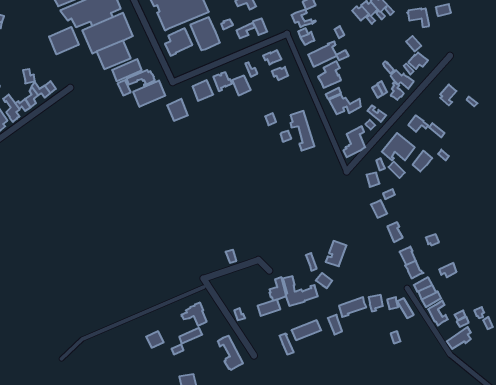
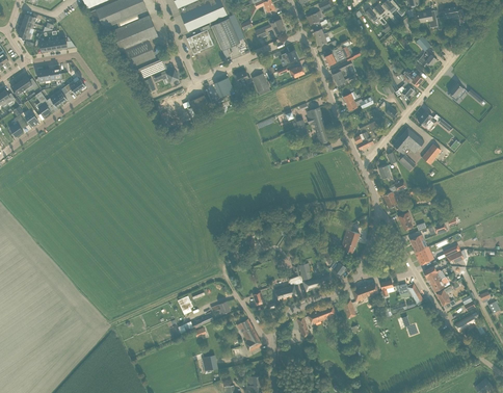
building: [49,27,79,54] -> none
building: [133,80,165,107] -> none

